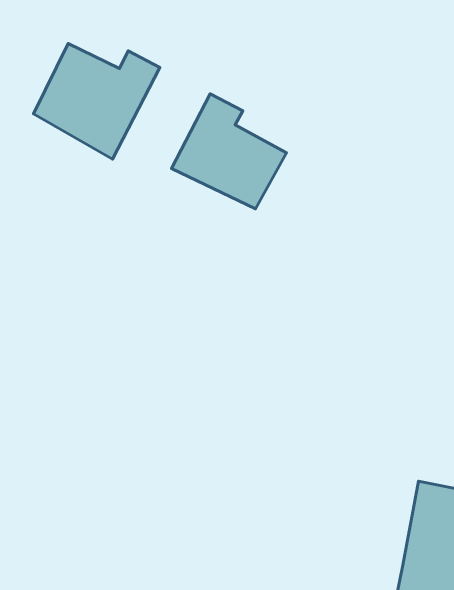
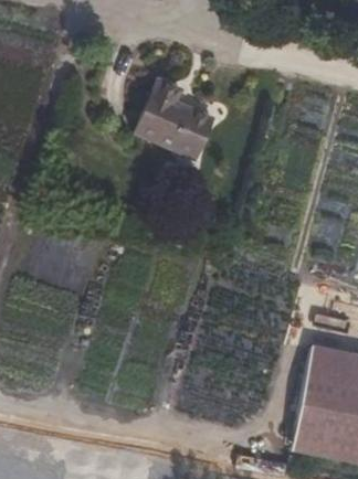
building: [33,43,160,159] -> none

